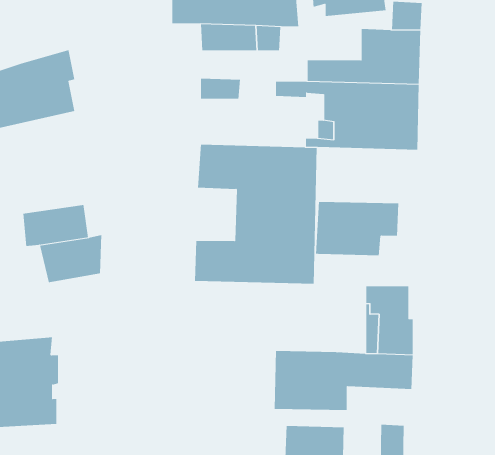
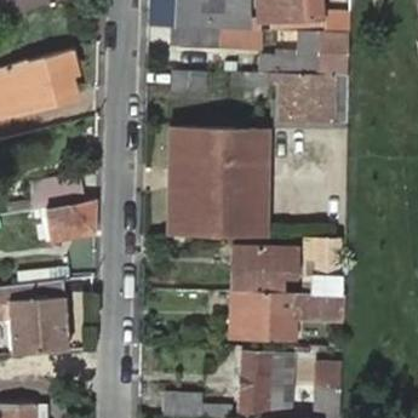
building: none -> [171,161,204,204]
building: [315,202,399,256] -> [233,250,300,293]

